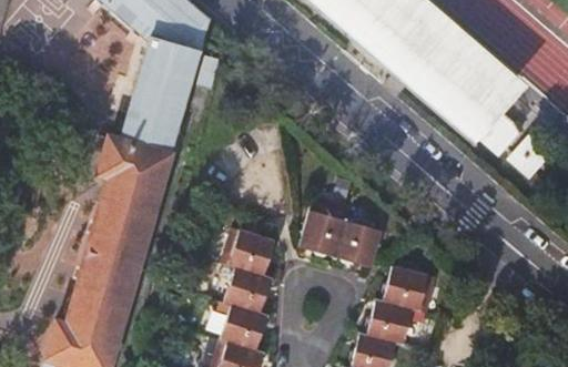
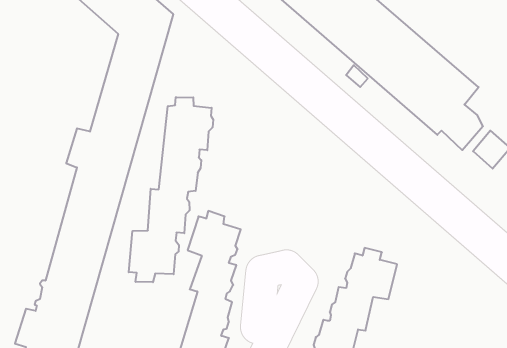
building: none -> [129,97,213,282]
building: [300,204,382,267] -> none

